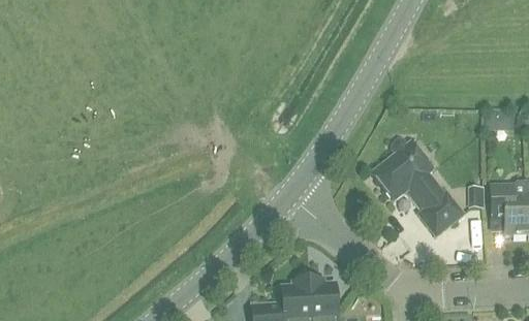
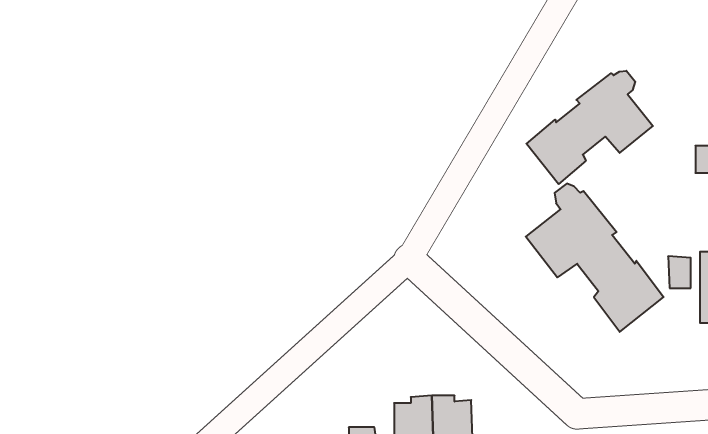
building: none -> [526,71,653,184]

